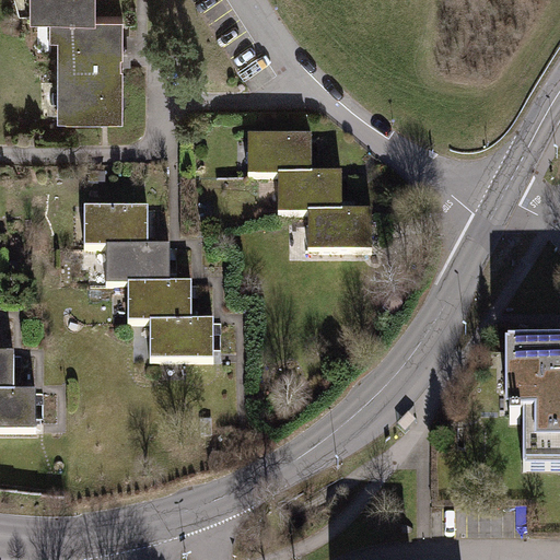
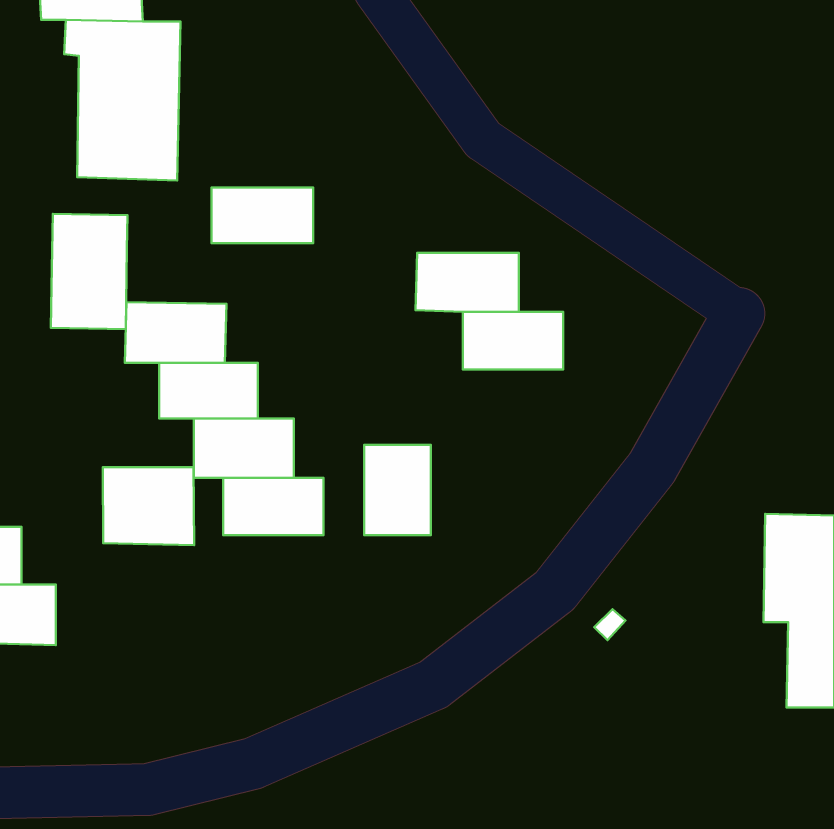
building: [246,131,314,168] -> [211,187,313,243]
building: none -> [51,214,128,329]
building: none -> [364,445,431,535]
building: none -> [103,467,194,545]

